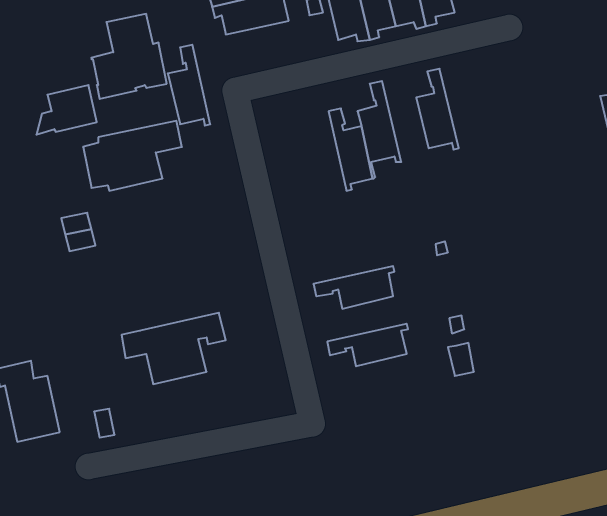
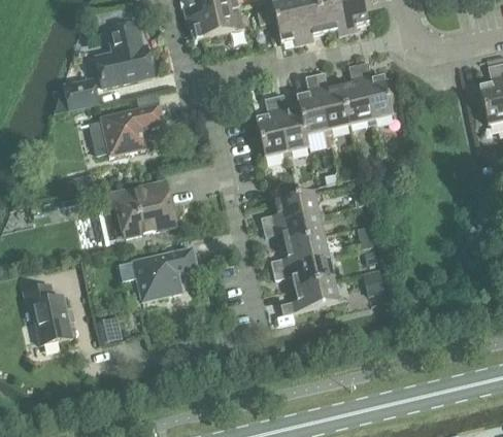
building: [168,45,210,126] -> [256,95,288,156]
building: none -> [358,60,393,123]
building: none -> [314,70,349,133]
building: none -> [98,180,175,240]
building: none -> [261,191,323,225]
building: none -> [271,234,333,268]
building: none -> [281,277,343,312]

